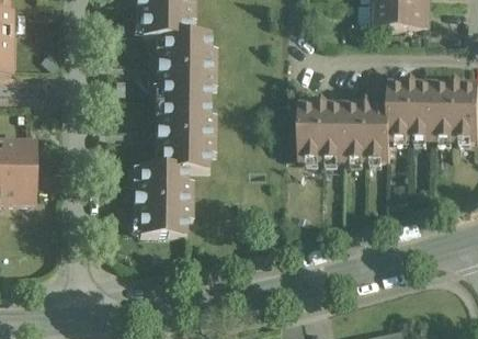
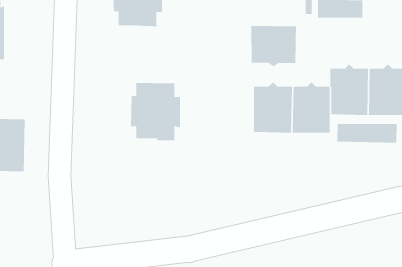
building: [153,34,215,102] -> none
building: none -> [251,25,297,67]
building: none -> [337,123,398,143]
building: [132,167,191,235] -> none

